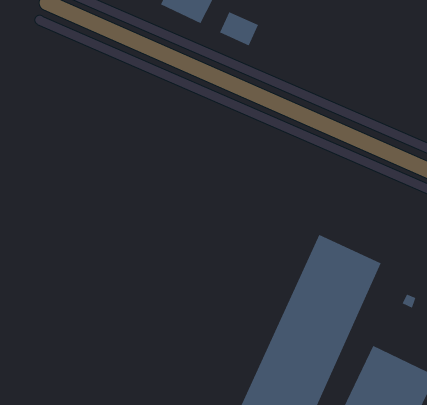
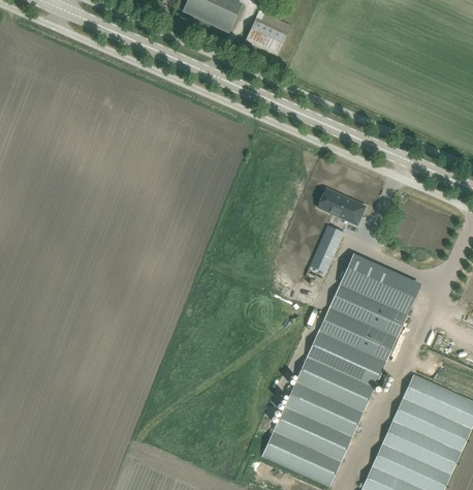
building: none -> [319,188,367,224]
building: none -> [308,224,345,279]

